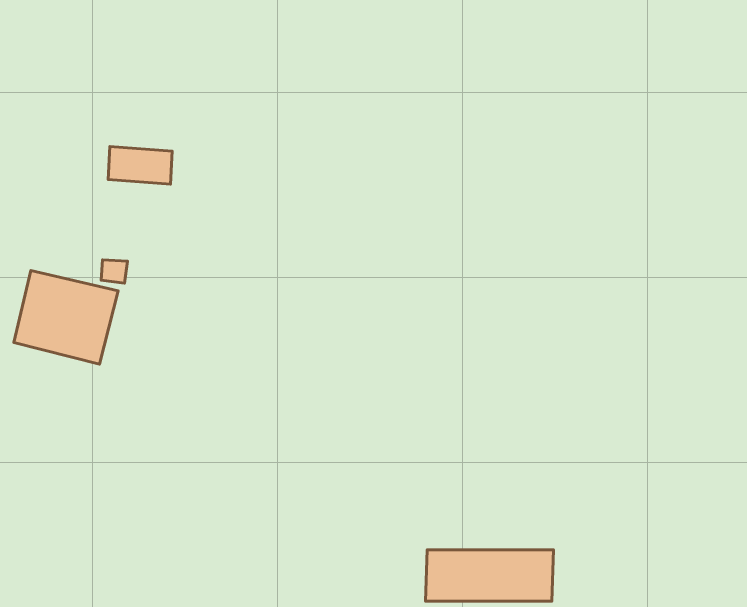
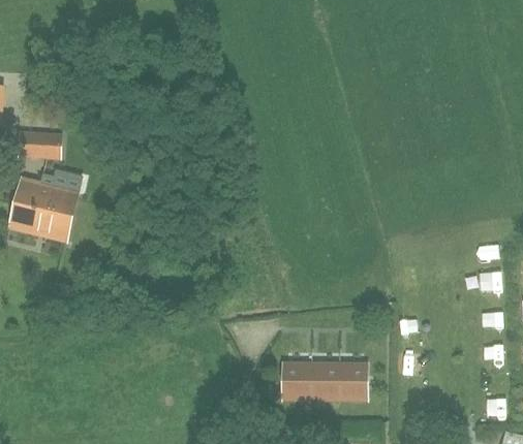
building: [108,147,172,184] -> [19,133,61,158]

